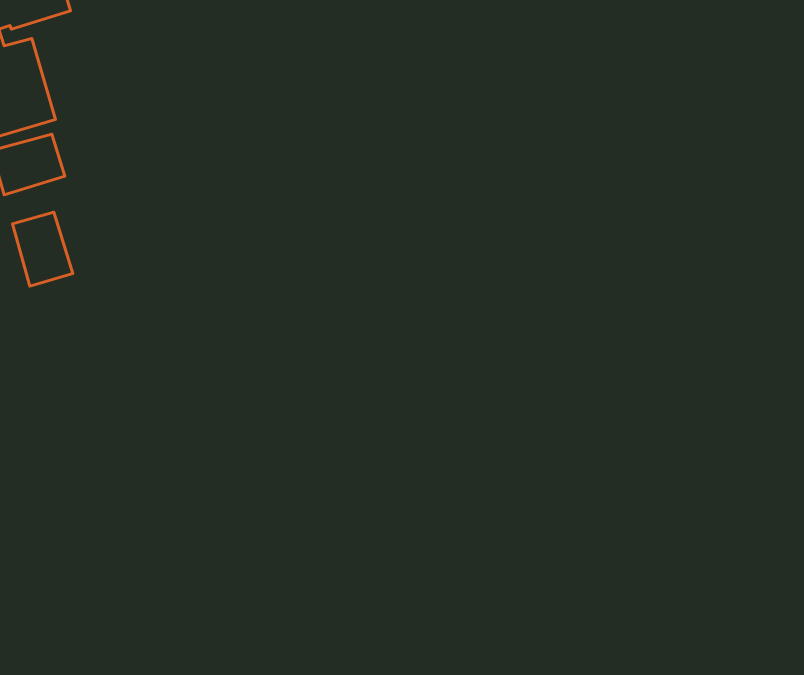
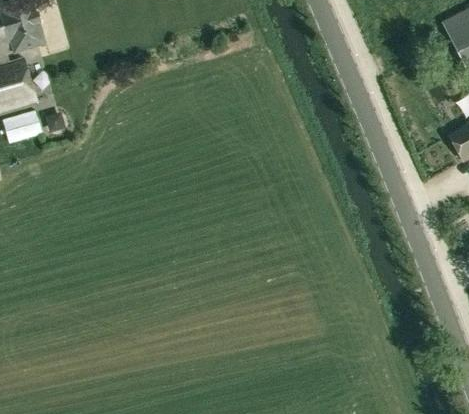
building: [12,212,73,286] -> none

